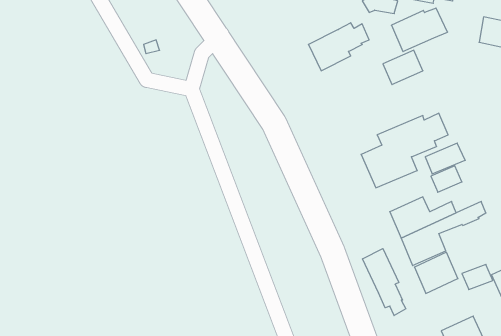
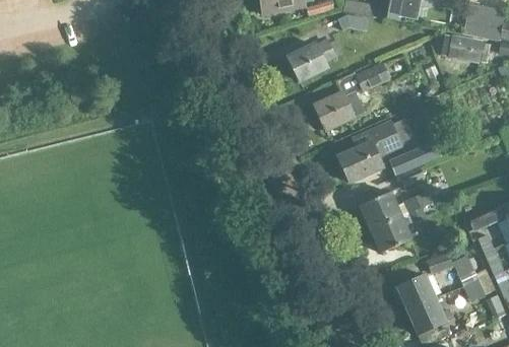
building: [391,8,448,52] -> [315,89,365,128]
building: [363,249,406,316] -> none
building: [414,252,458,293] -> [396,273,435,309]

